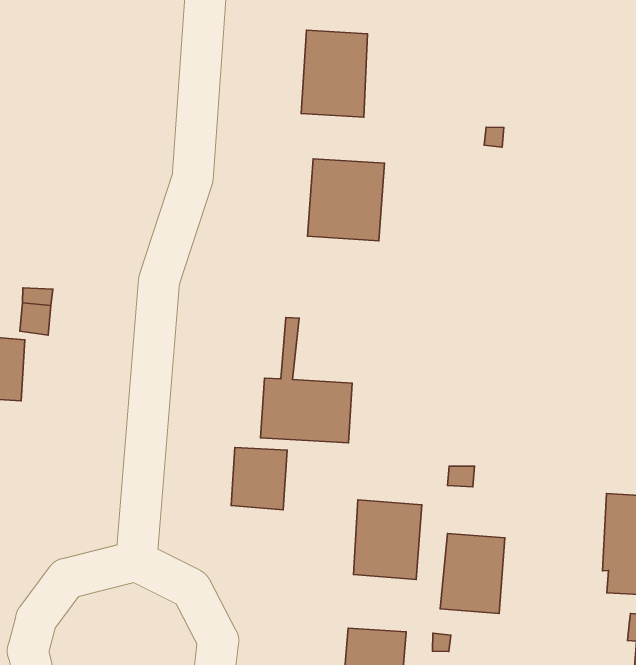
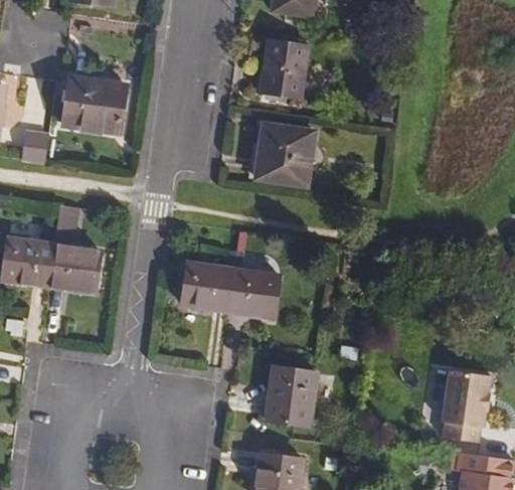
building: none -> [58,81,122,139]
building: none -> [54,239,106,287]
building: [231,447,287,510] -> [180,272,220,316]
building: [440,533,505,613] -> none

